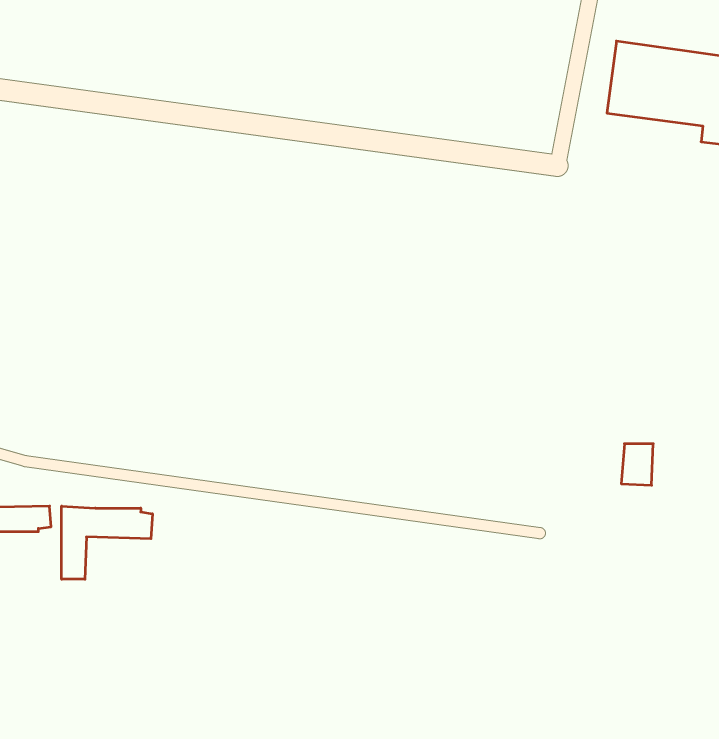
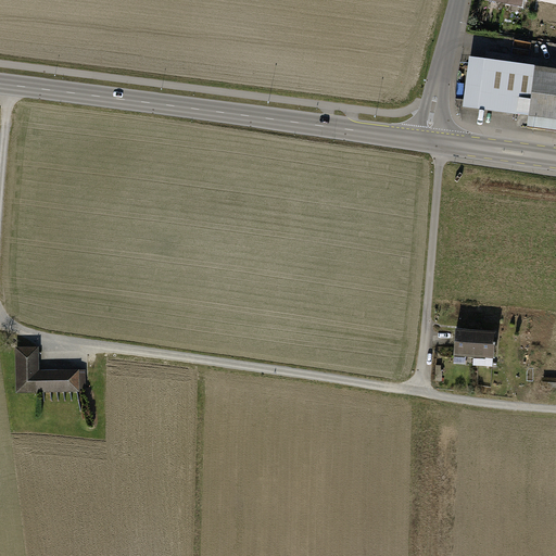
building: none -> [454,328,476,356]
building: [62,506,152,579] -> none

